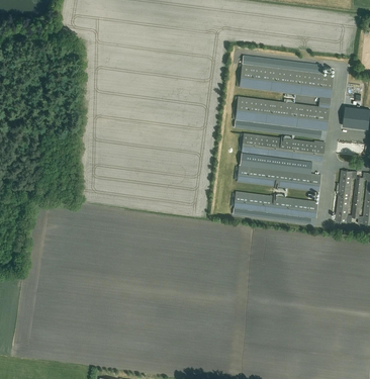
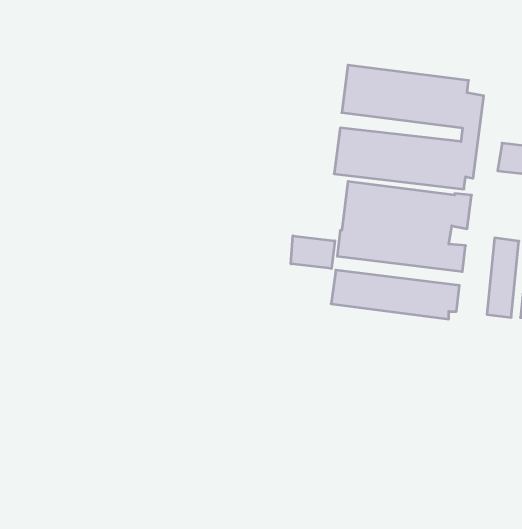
building: none -> [291,236,335,269]

